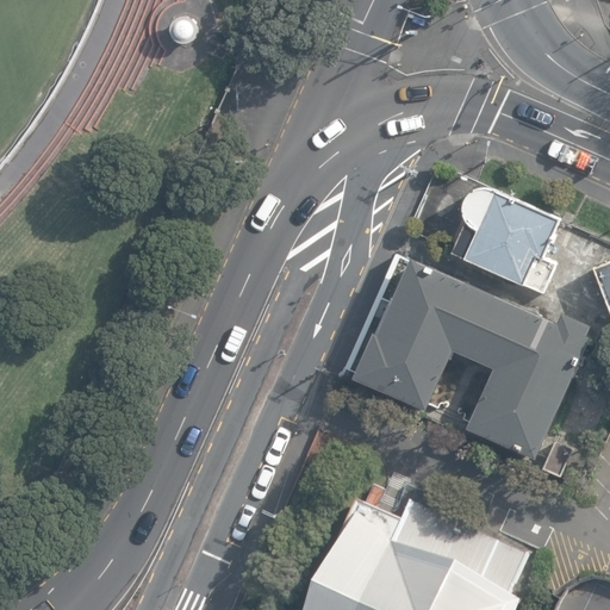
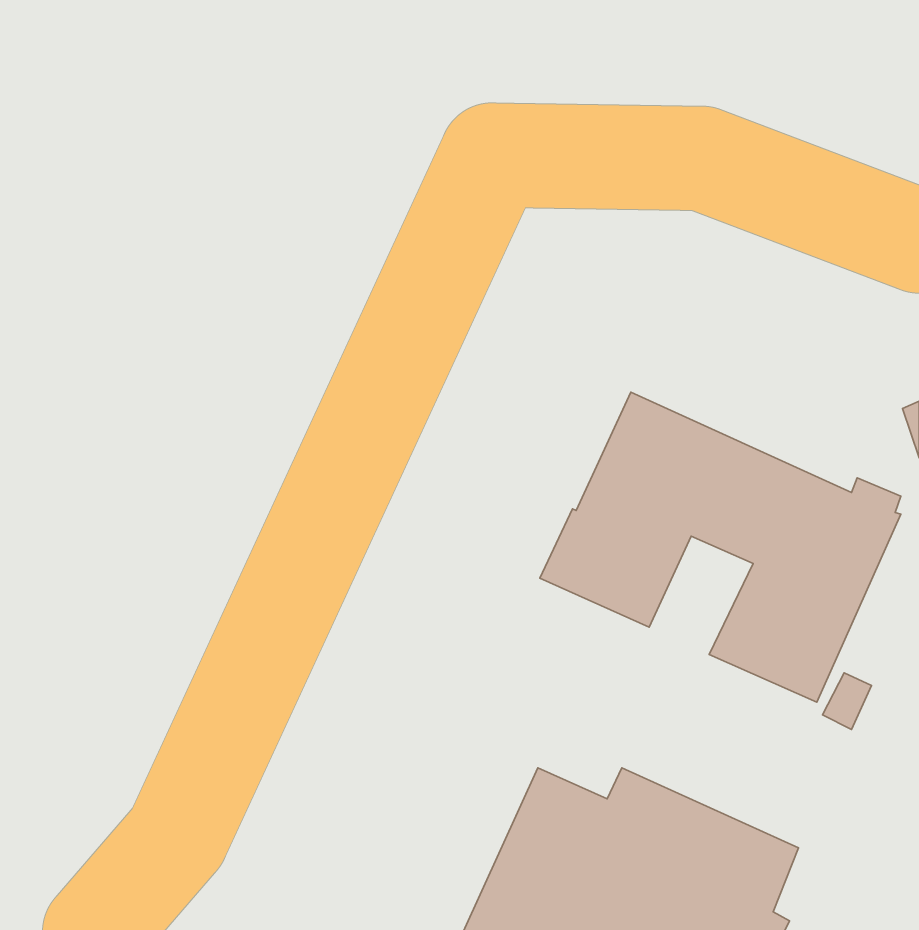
building: [450,188,559,294] -> none

